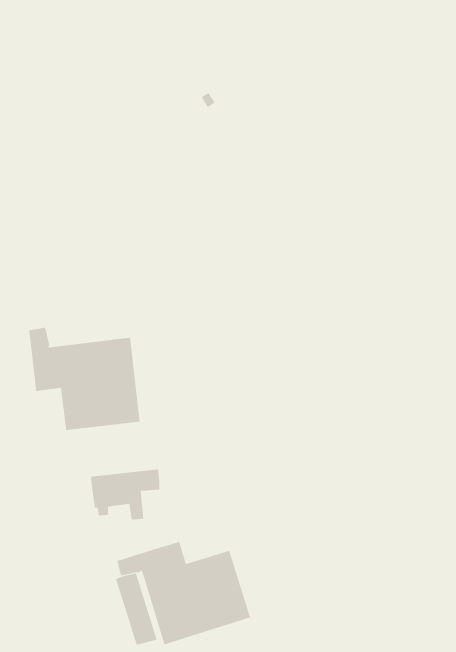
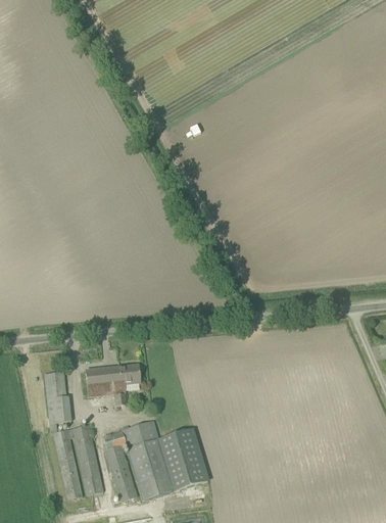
building: [29,327,140,431] -> none
building: none -> [44,372,104,498]

